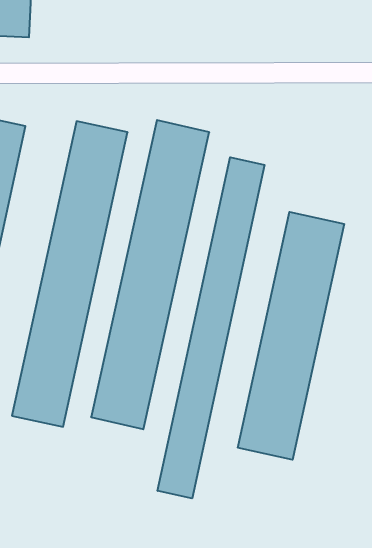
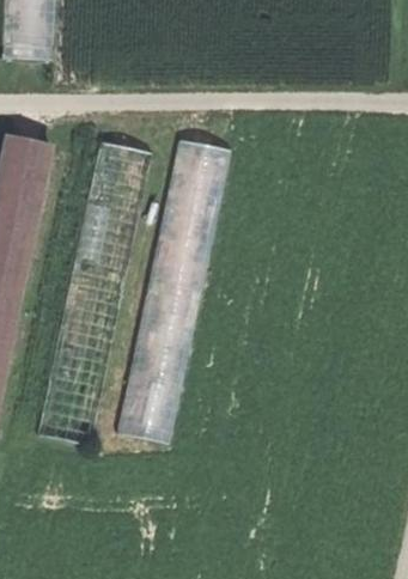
building: [158,157,265,498] -> none
building: [238,212,344,460] -> none

